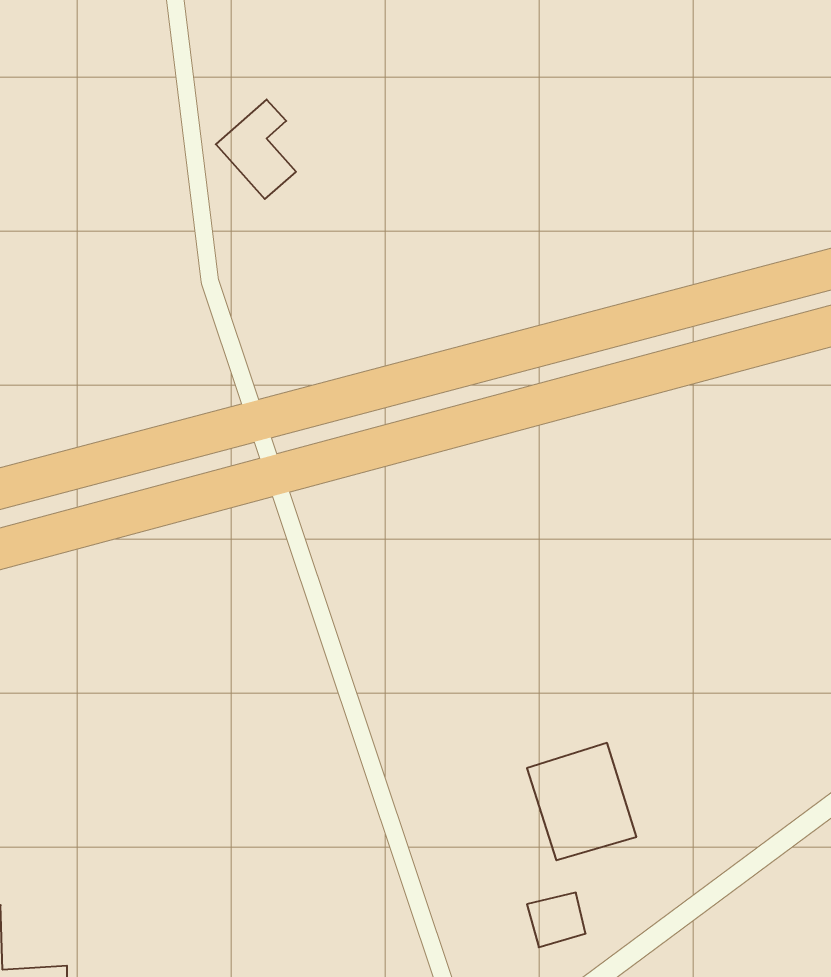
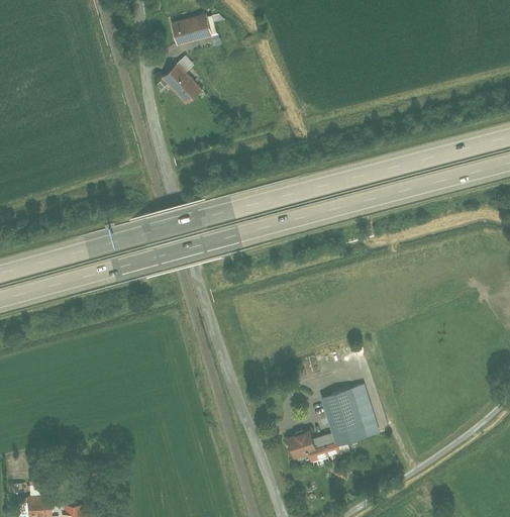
building: none -> [171,13,216,45]
building: [527,893,586,947] -> [286,432,316,460]

